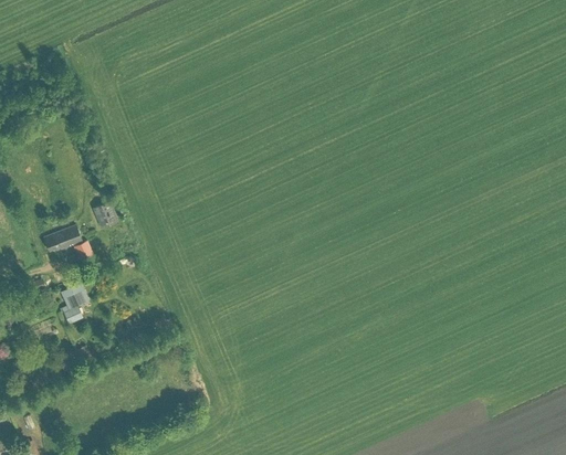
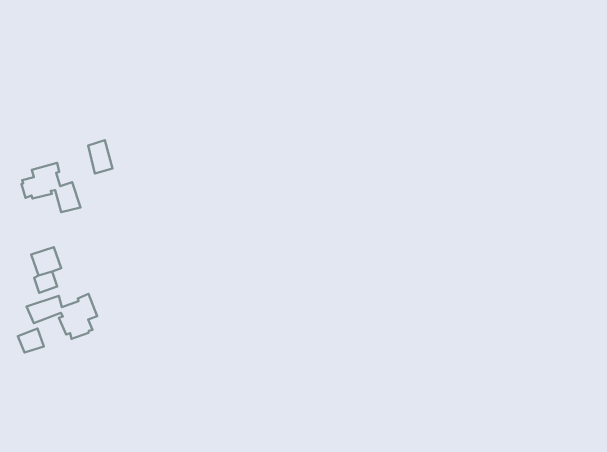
building: none -> [27,294,97,339]

